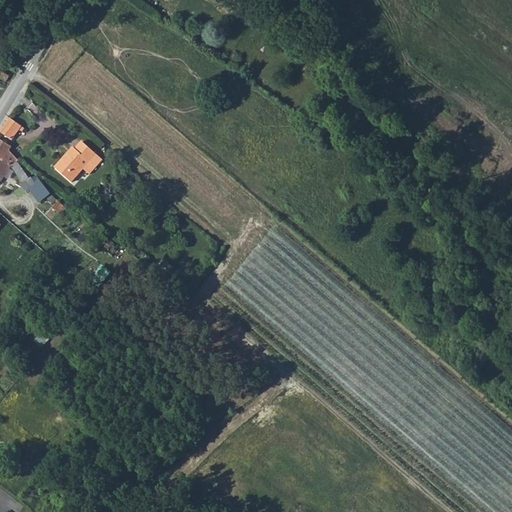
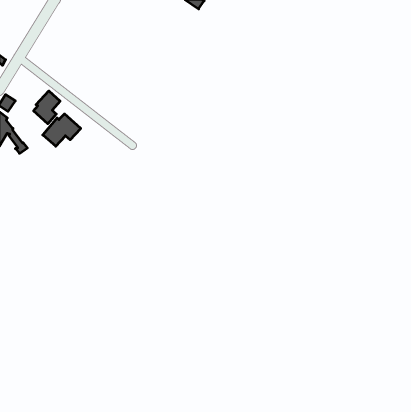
building: none -> [34,91,60,124]

